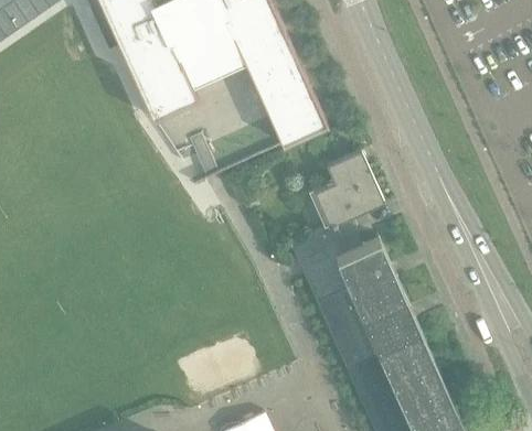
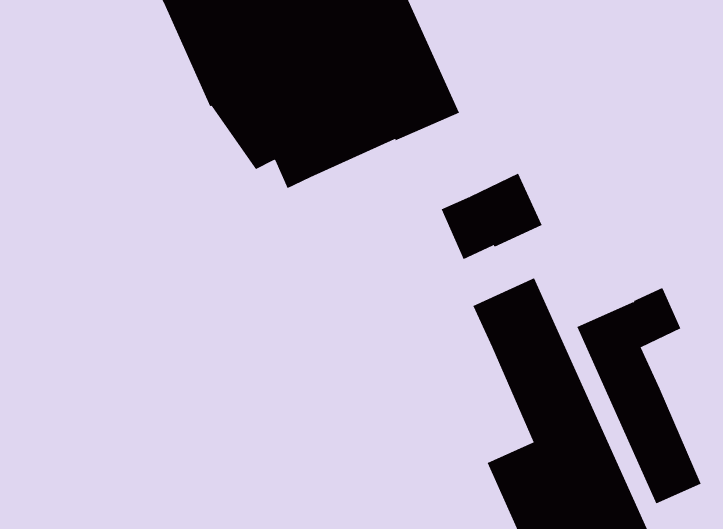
building: [324,149,366,182] -> none
building: [289,216,376,367] -> [576,287,702,504]

